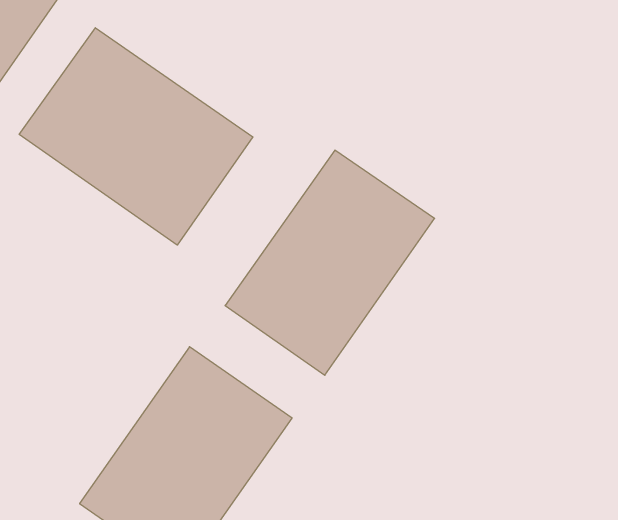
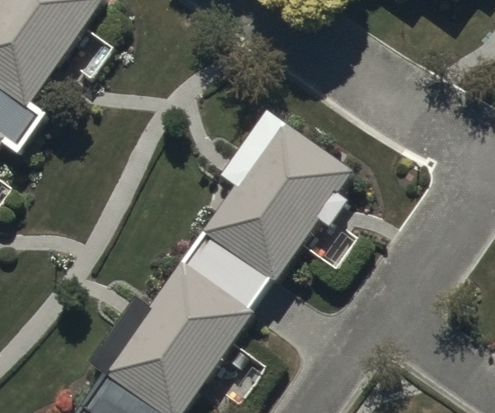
building: [19,28,253,245] -> none

